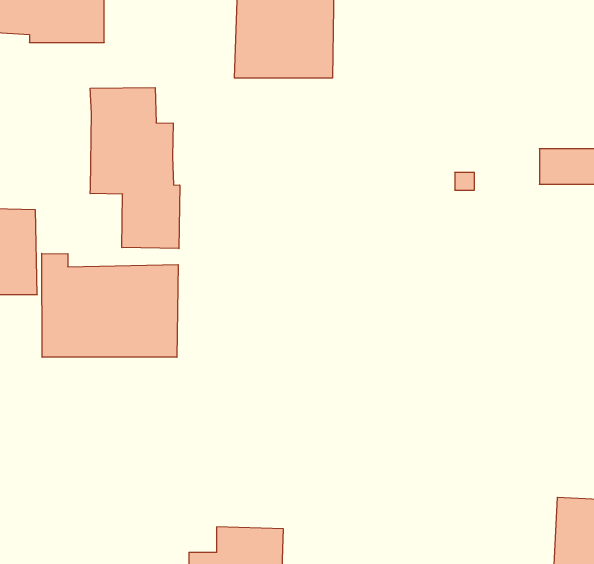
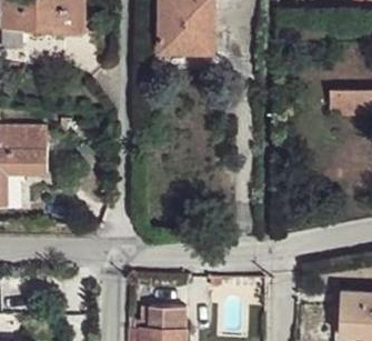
building: [90,88,180,249] -> none
building: [42,253,178,357] -> none

